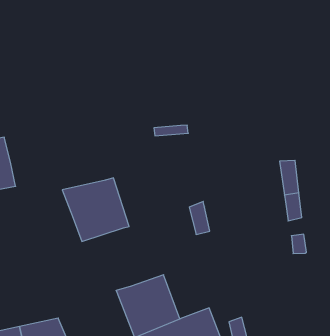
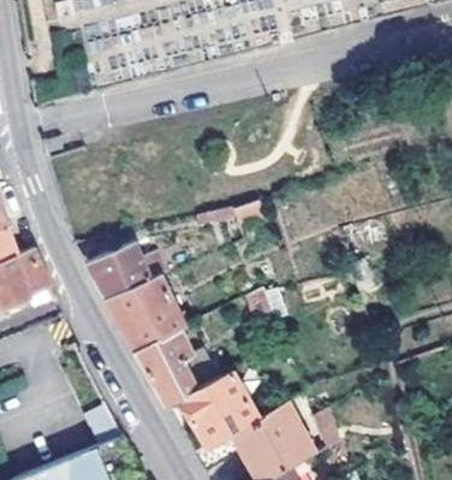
building: none -> [87,241,151,296]
building: none -> [136,327,197,404]

